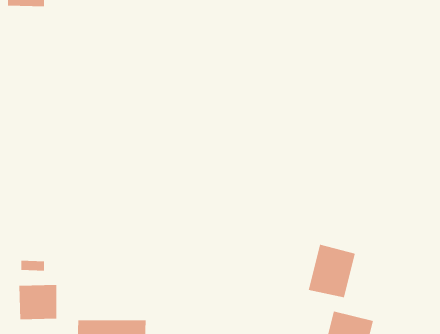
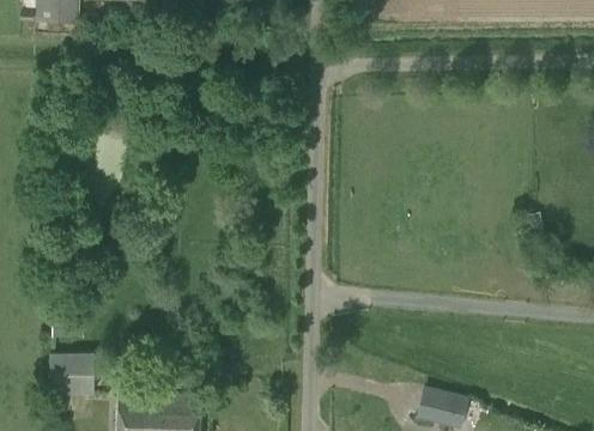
building: [308,244,356,298] -> none

